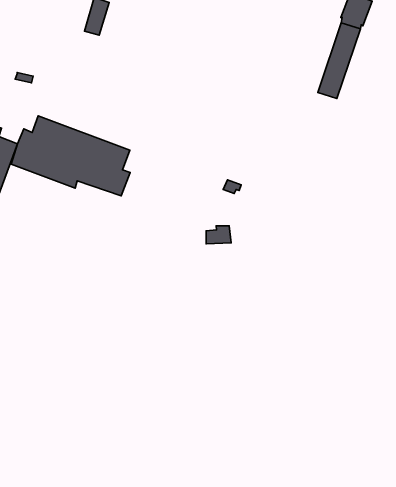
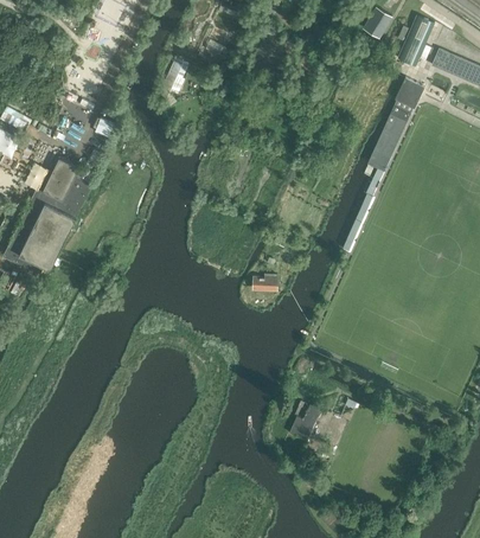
building: [11,116,130,196] -> none
building: none -> [288,405,320,441]

